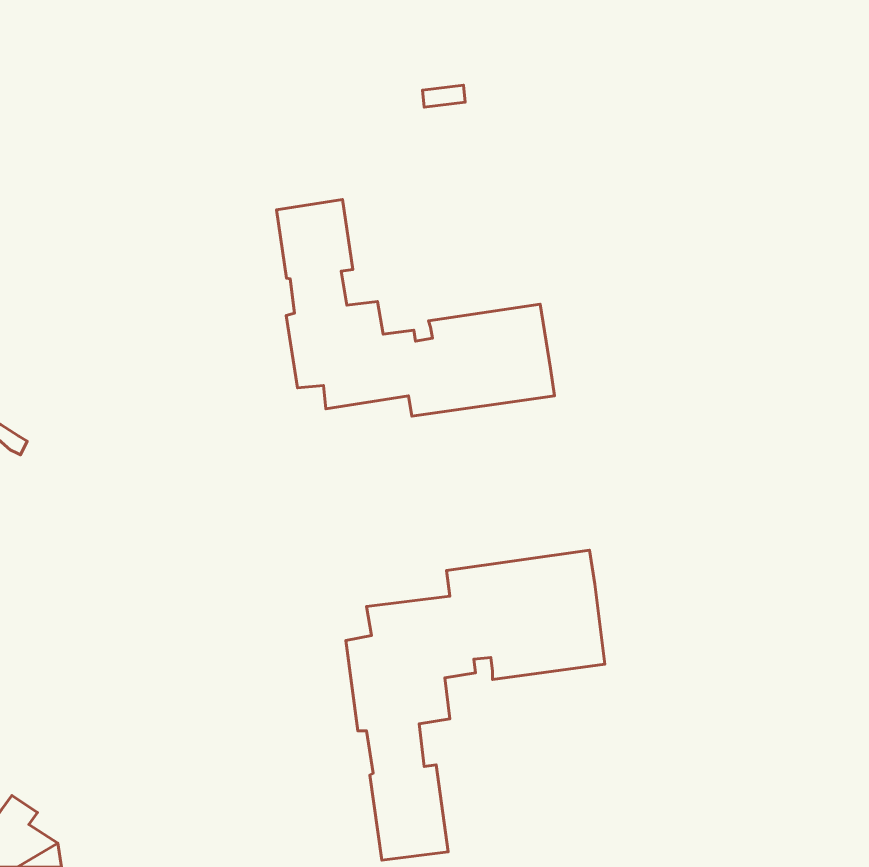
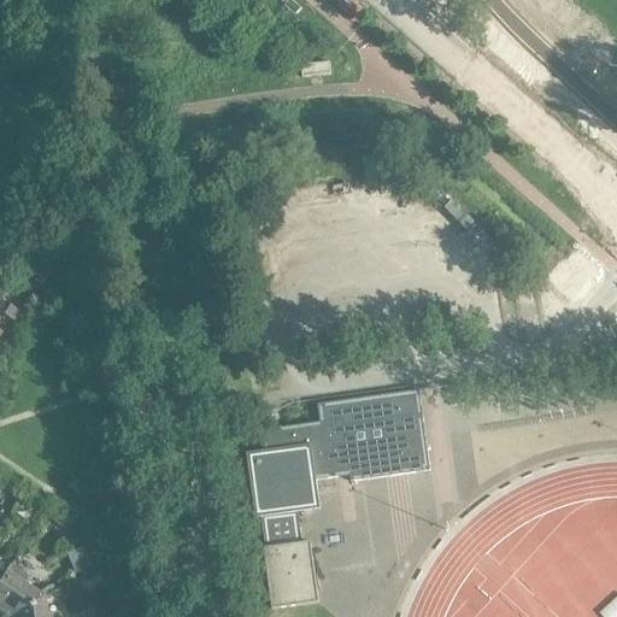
building: [276,200,554,416] -> none

